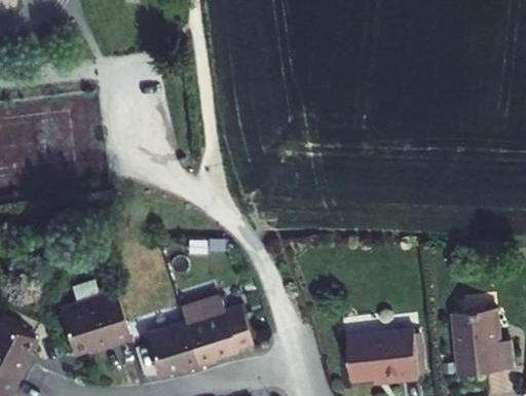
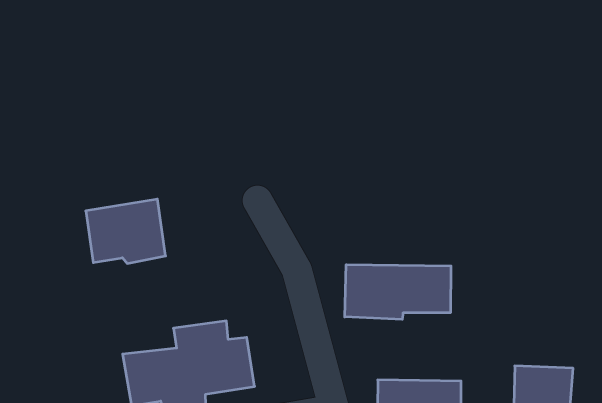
building: none -> [345,265,451,319]
building: [61,296,127,352] -> [86,199,166,263]

